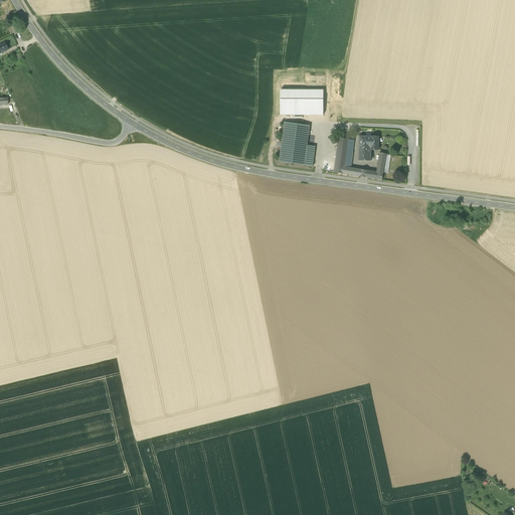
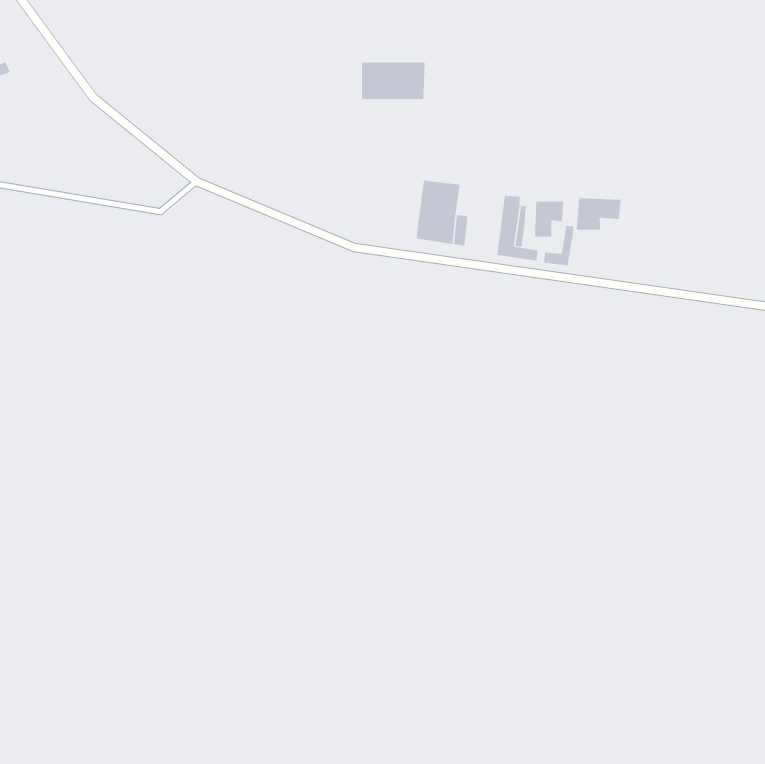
building: [280,89,323,114] -> [361,62,426,100]
building: none -> [576,197,621,231]

